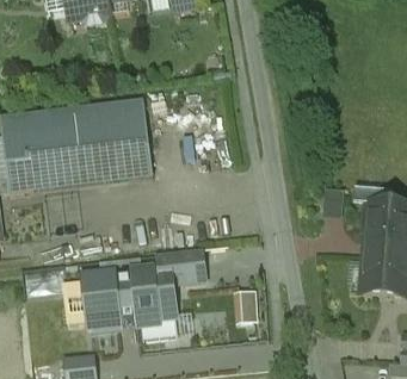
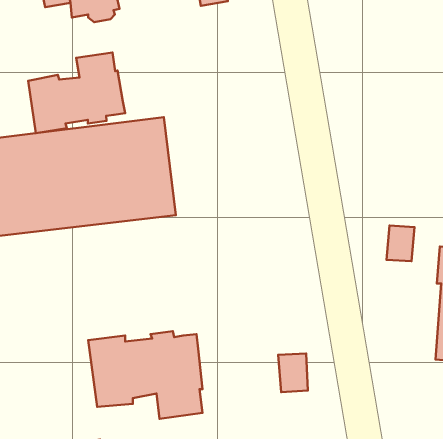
building: none -> [28,52,125,133]
building: [159,247,204,282] -> none

